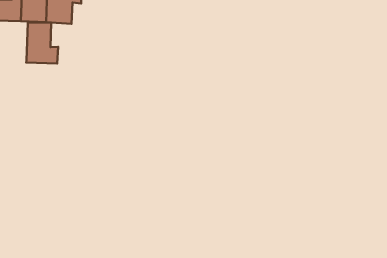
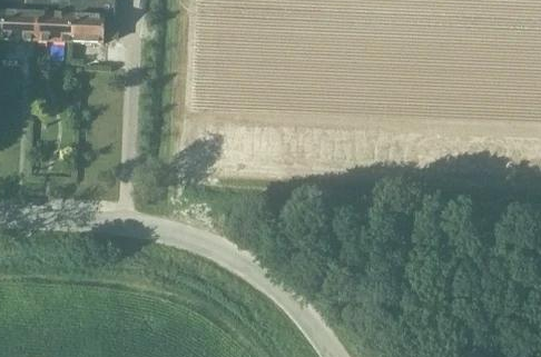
building: [26,22,58,64] -> none

